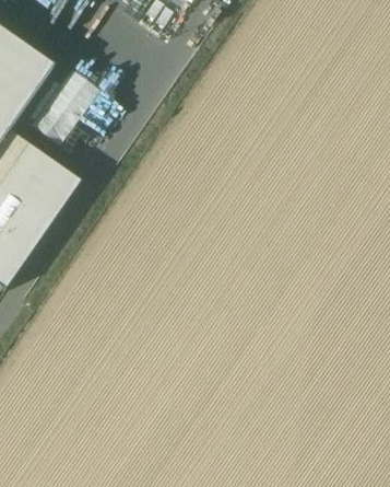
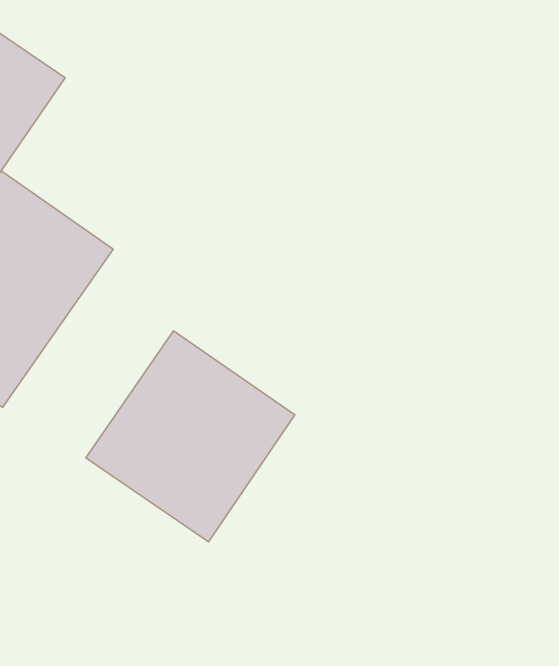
building: none -> [86,331,295,542]

